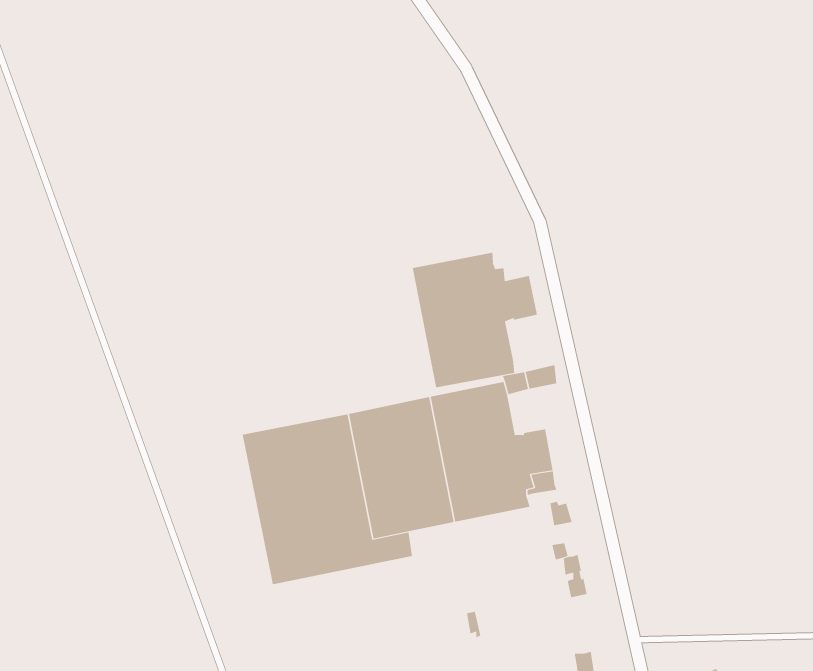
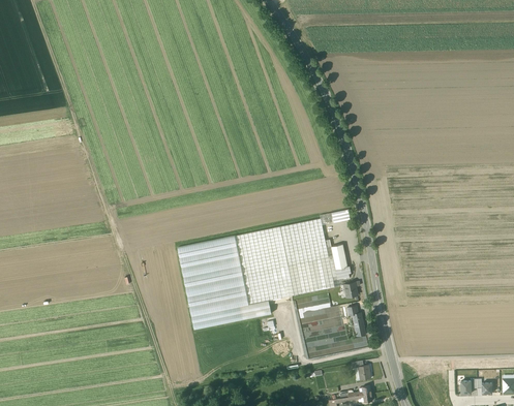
building: [412,252,538,388] -> none

